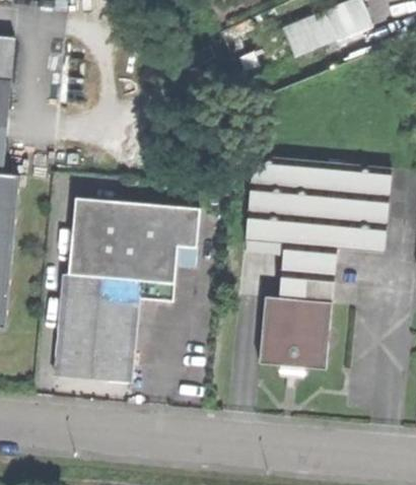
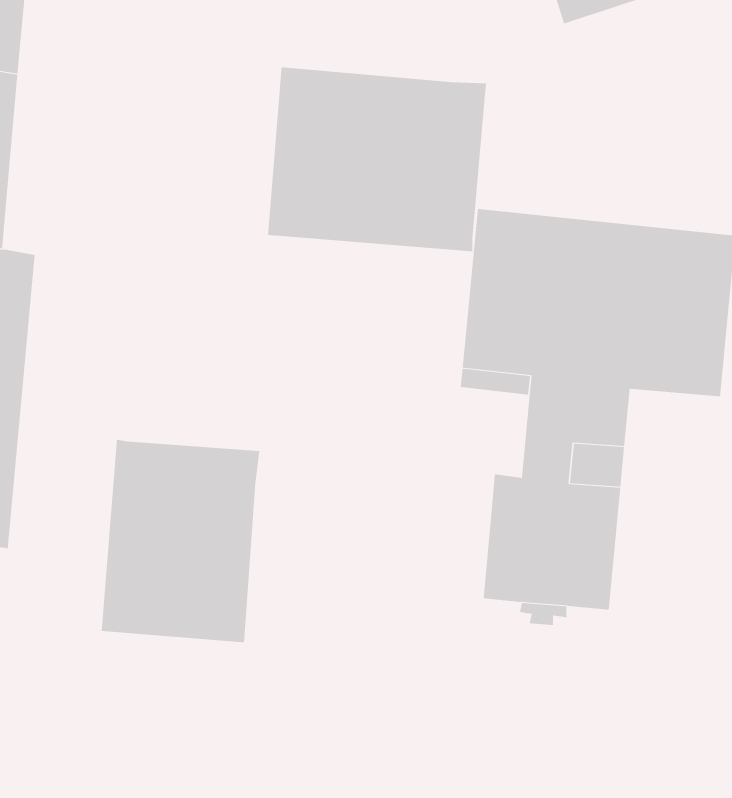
building: none -> [267,67,486,252]
building: [70,199,200,300] -> none

